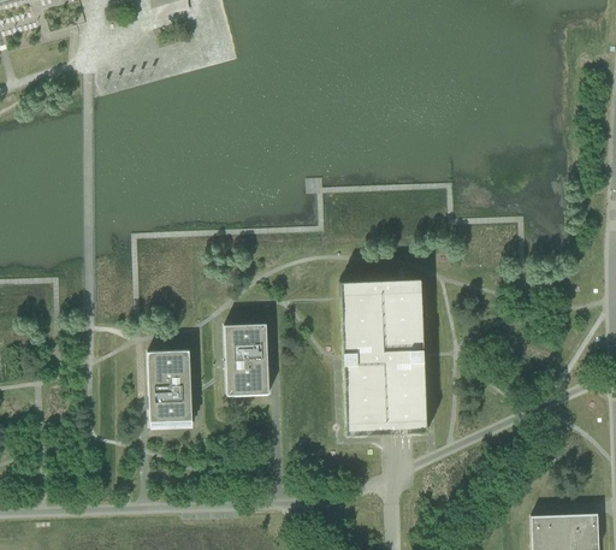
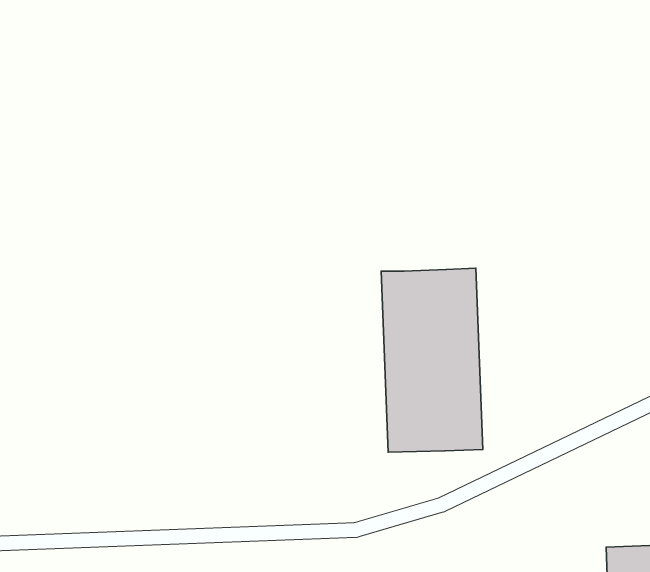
building: [224,323,270,395] -> none
building: [147,349,192,421] -> none

